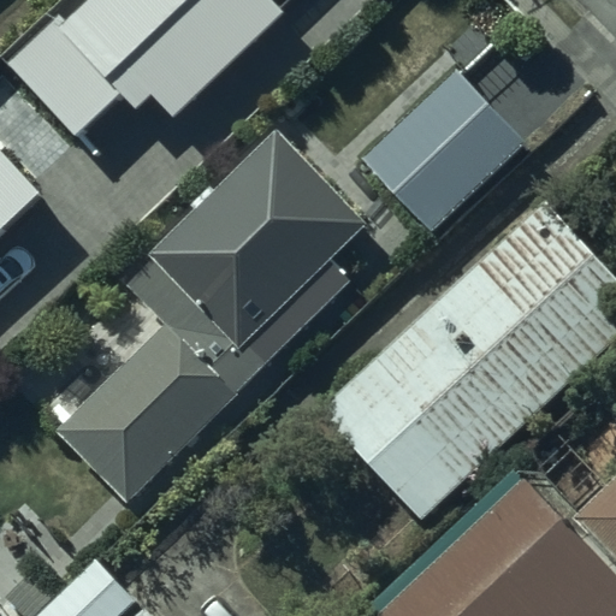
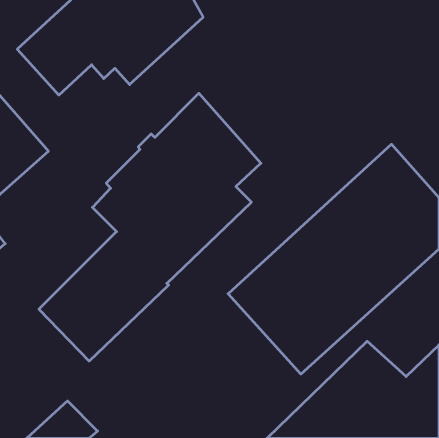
building: [359,70,523,232] -> none

